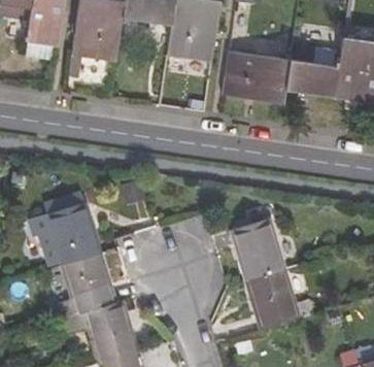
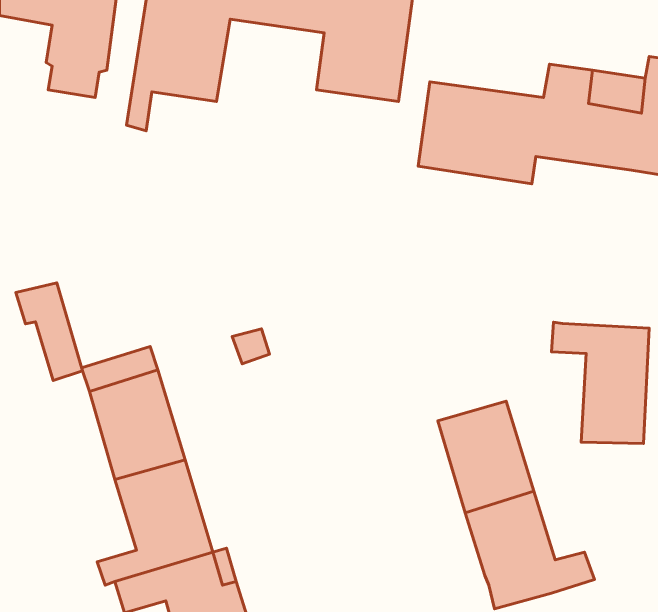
building: none -> [551,322,649,443]
building: [28,214,63,266] -> [16,283,82,381]

